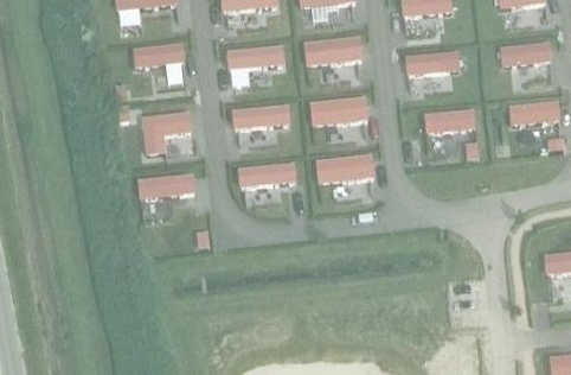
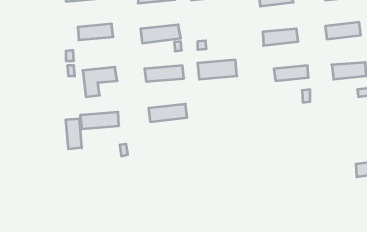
building: [304,37,364,65] -> none
building: [316,155,373,184] -> none
building: none -> [66,119,82,149]

